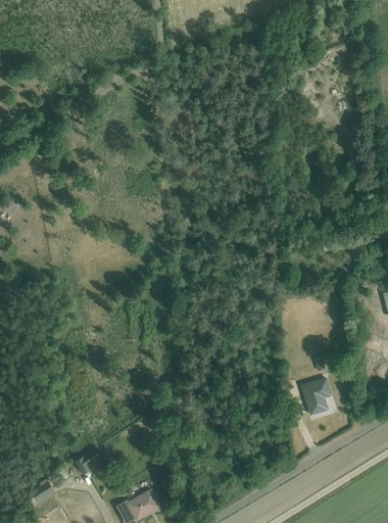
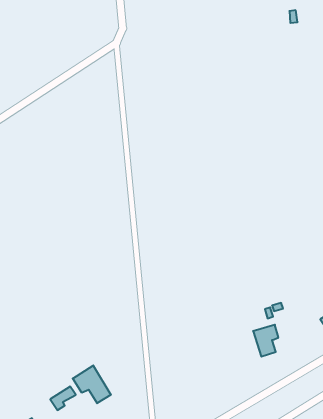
building: none -> [73,365,111,403]

